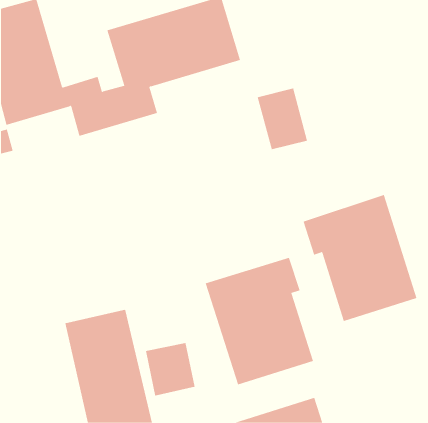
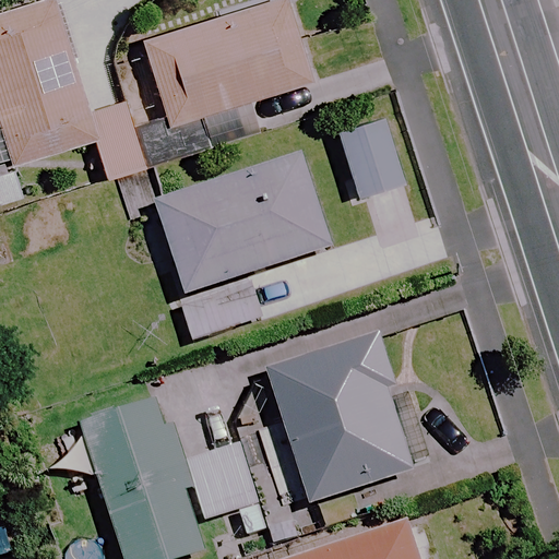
building: none -> [156,155,333,337]
building: [303,194,417,322] -> none

